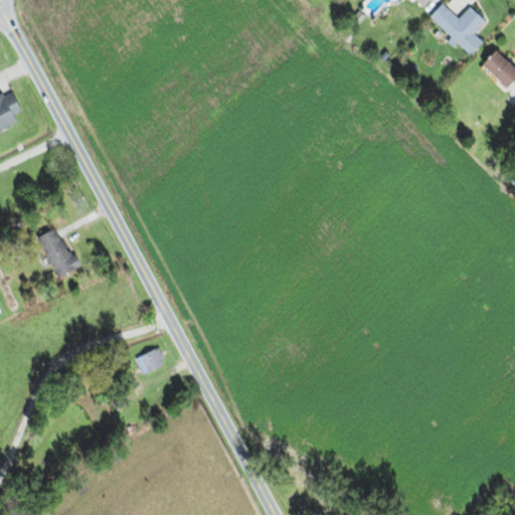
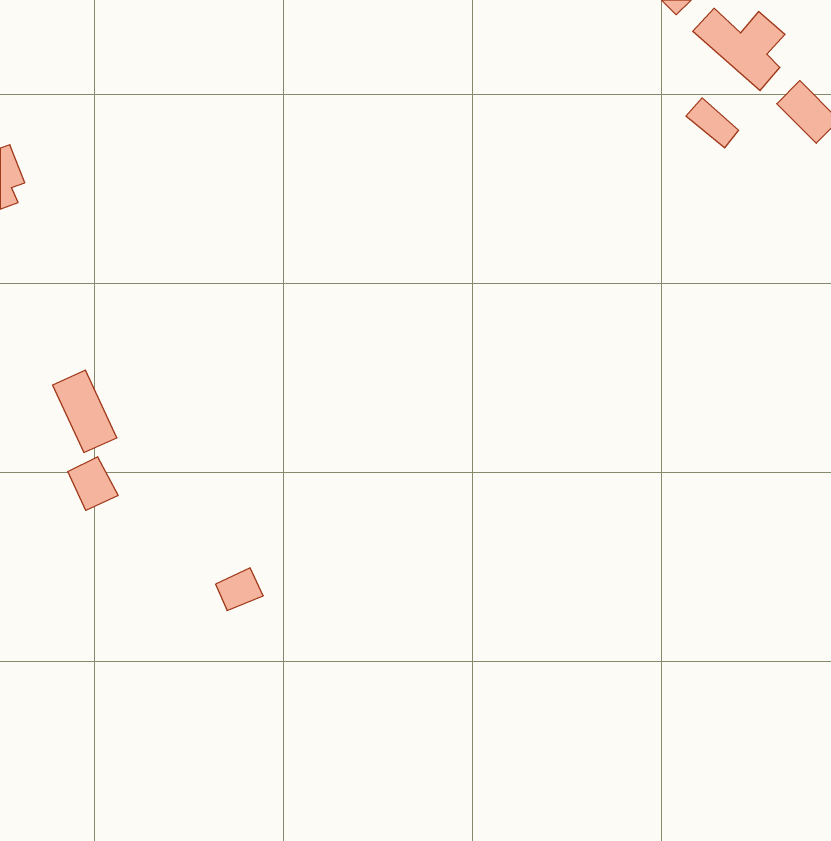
building: none -> [686,98,739,148]
building: none -> [68,457,118,510]

